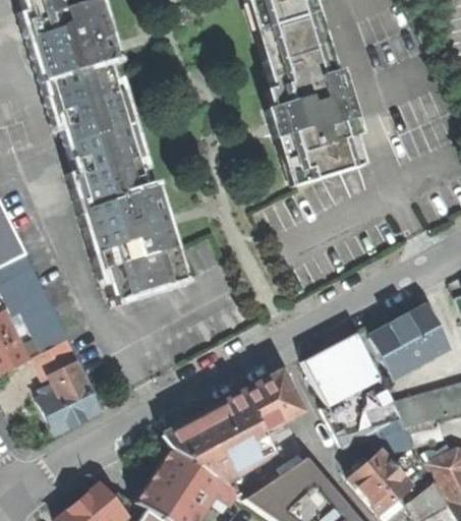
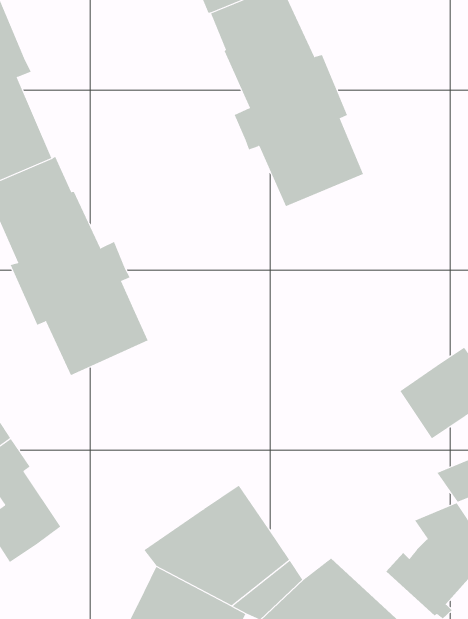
building: [303,332,407,446] -> none
building: [241,372,301,430] -> none

